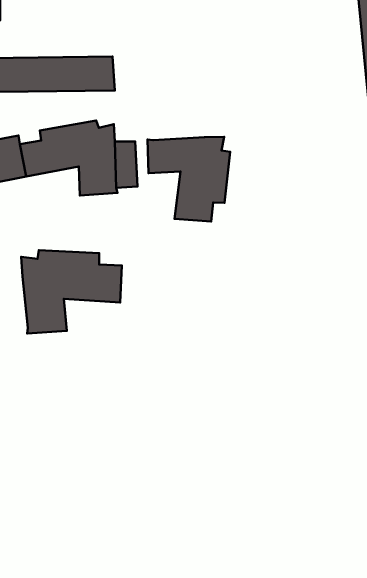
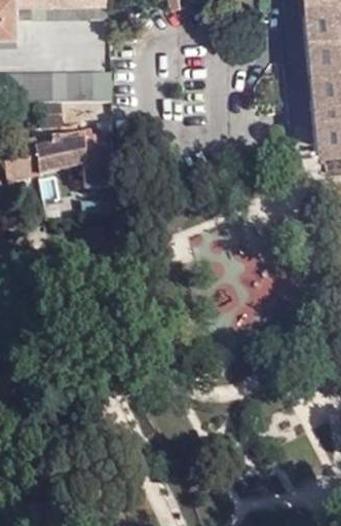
building: [147,137,230,222] -> none
building: [21,250,122,334] -> none

